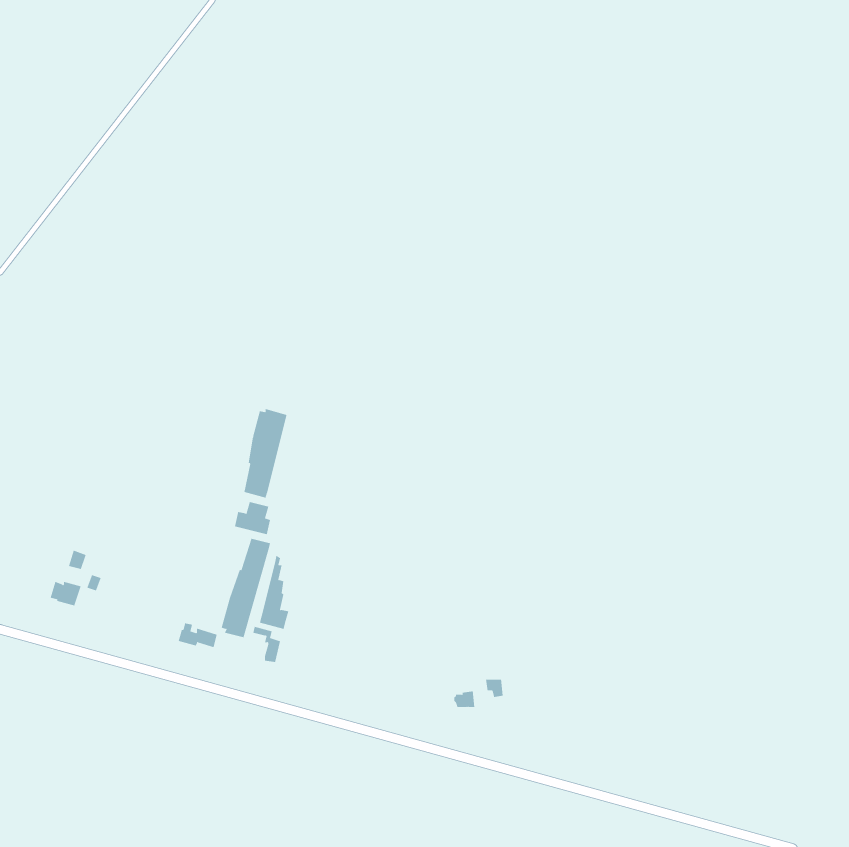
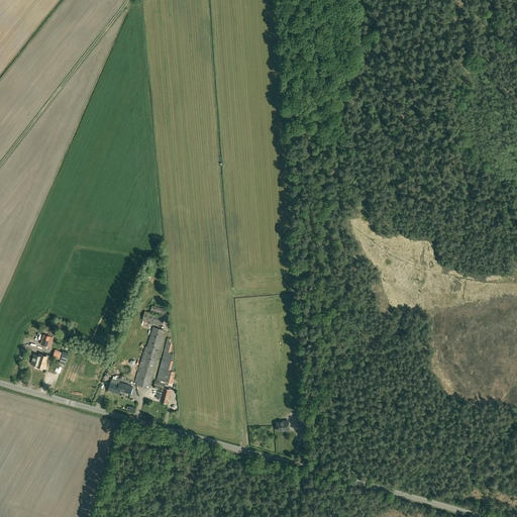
building: [244,408,287,499] -> none

